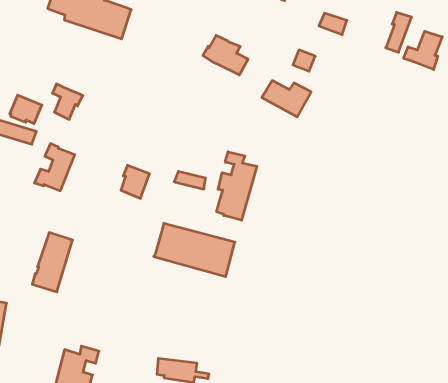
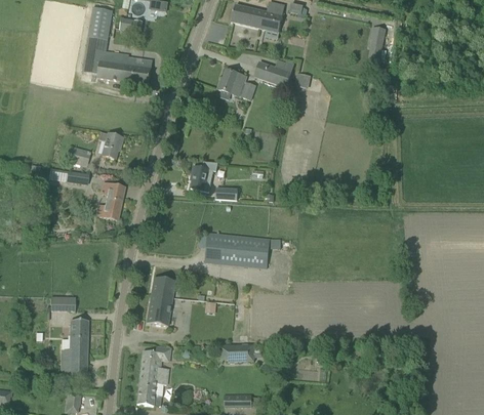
building: [404,31,442,70] -> none
building: [262,81,311,117] -> [254,59,294,87]
building: [217,152,257,220] -> none
building: [121,165,150,198] -> [192,166,213,192]
building: [32,233,73,292] -> [147,277,174,325]

